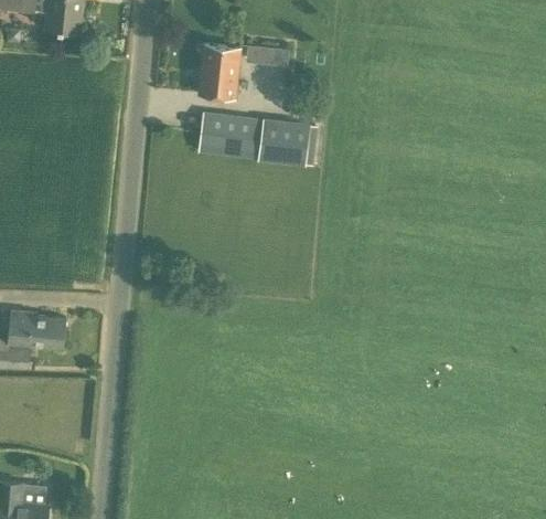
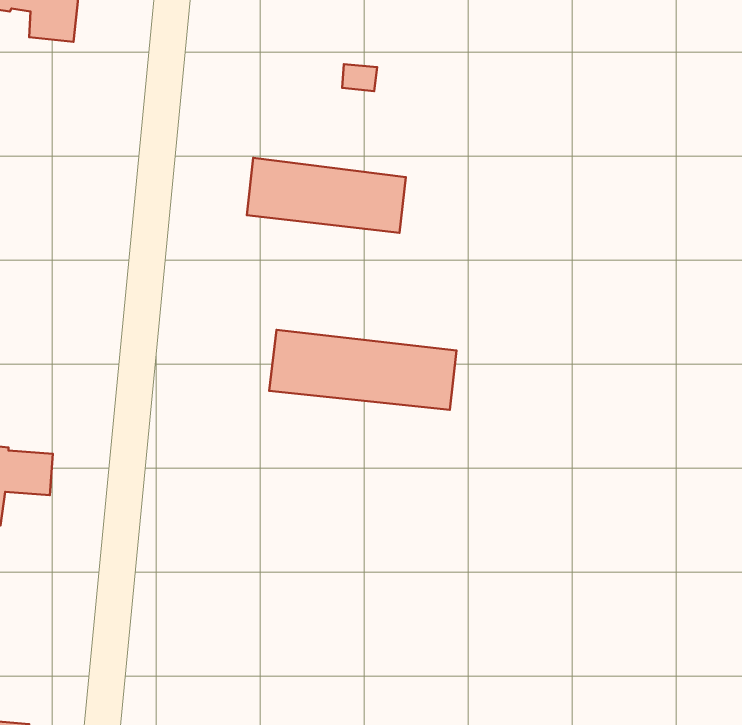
building: [200,45,239,97] -> none
building: none -> [269,330,457,410]

